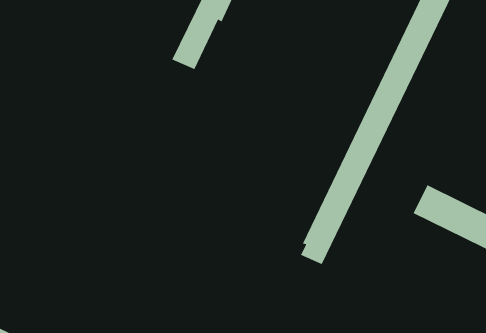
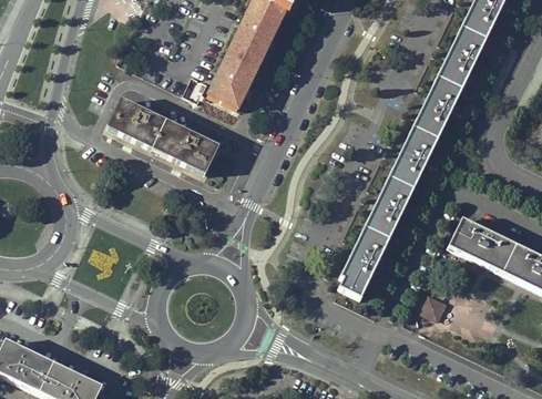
building: none -> [114,103,215,170]
building: none -> [421,293,450,320]

